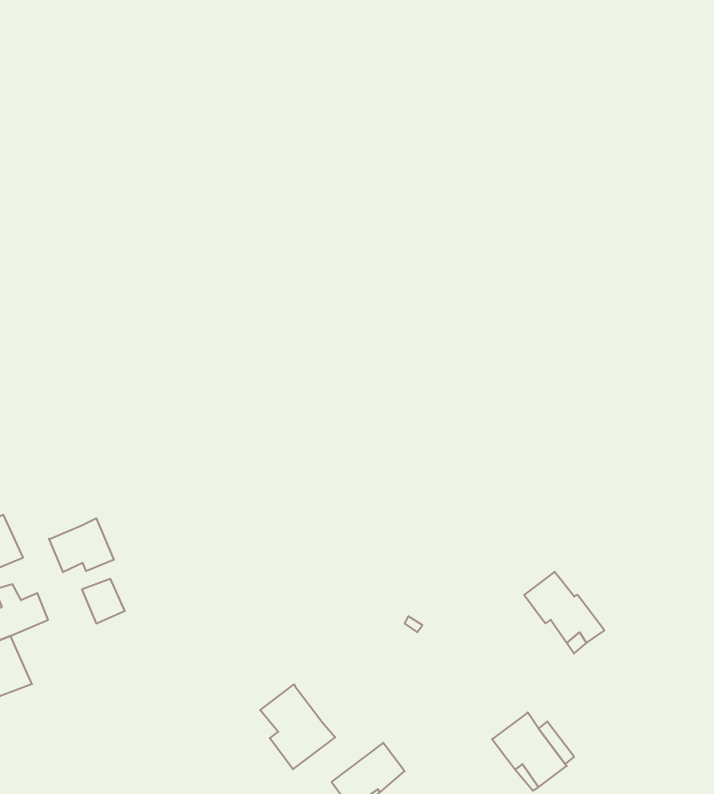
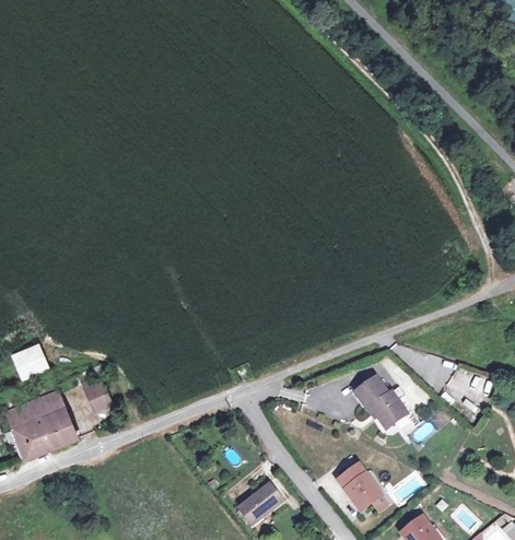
building: [49,518,114,572] -> none
building: none -> [40,407,77,446]
building: [260,684,335,769] -> none

